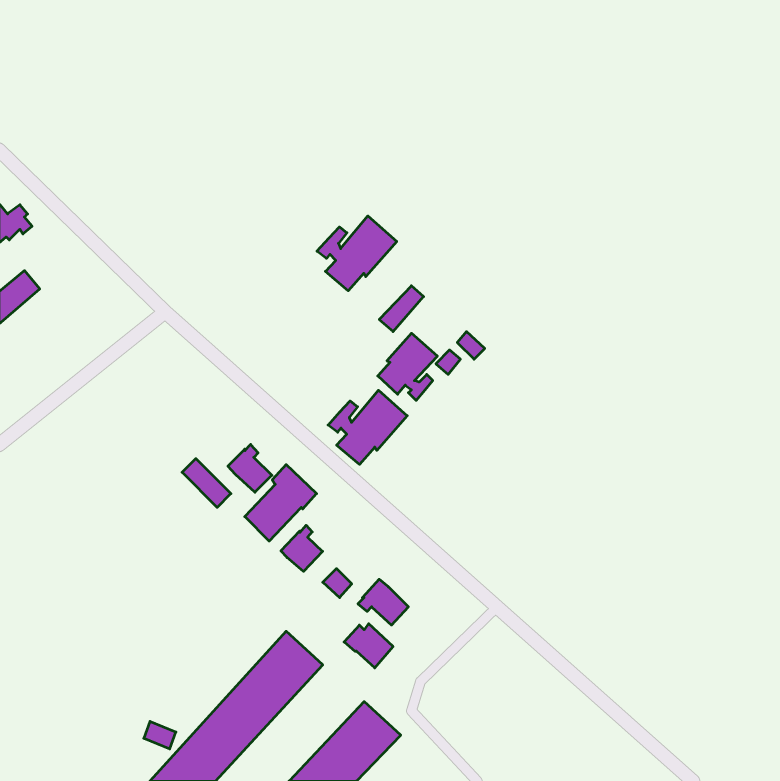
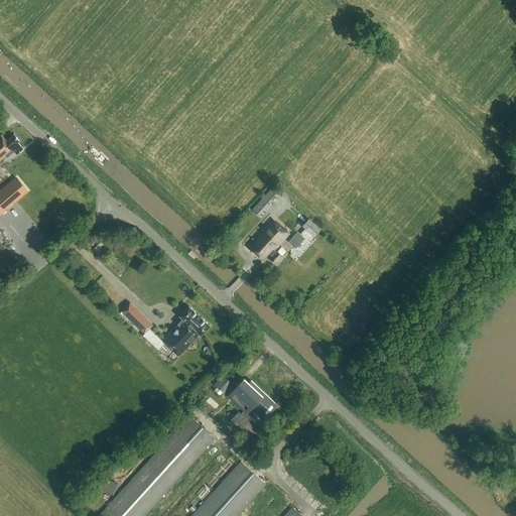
building: [317,216,397,291] -> none
building: [328,390,407,464] -> none
building: [228,444,272,492] -> none
building: [281,525,323,571] -> none

